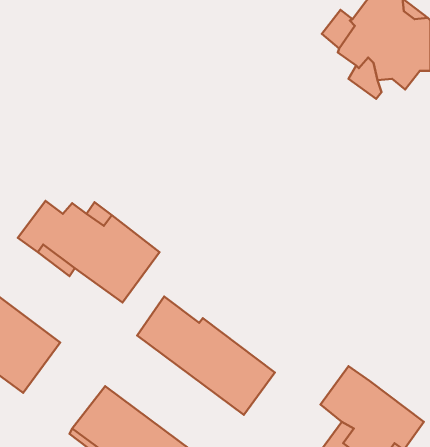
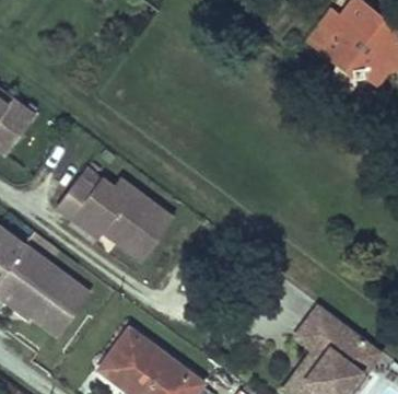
building: [137,297,275,415] -> none

